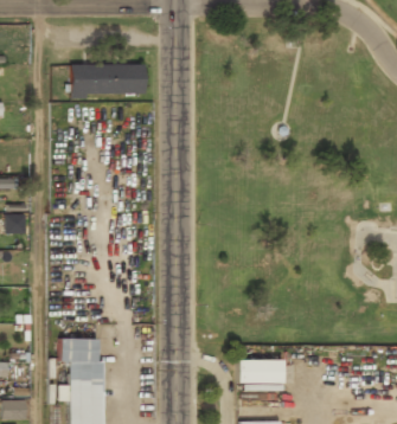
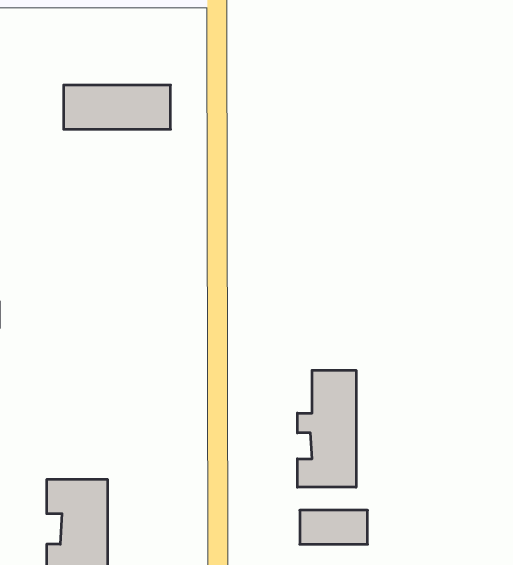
building: none -> [297,370,356,487]

